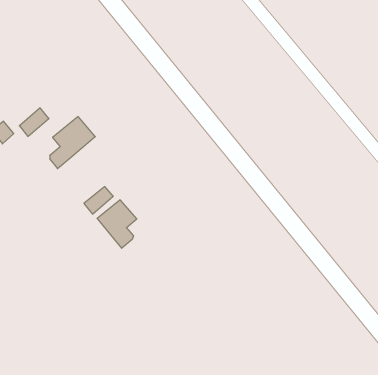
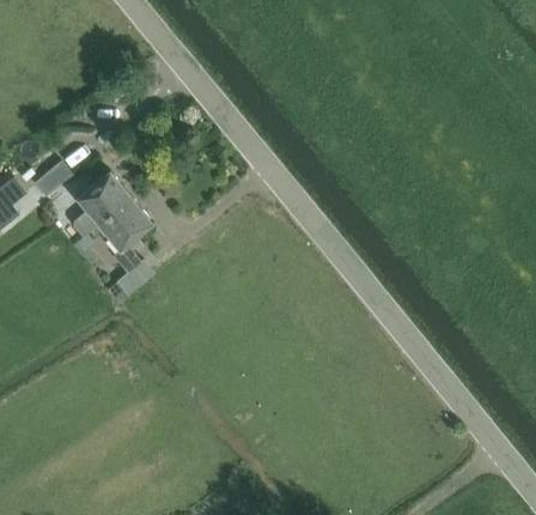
building: none -> [97,198,151,252]
building: [97,200,137,248] -> none

